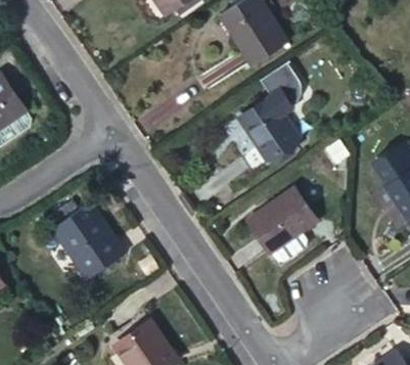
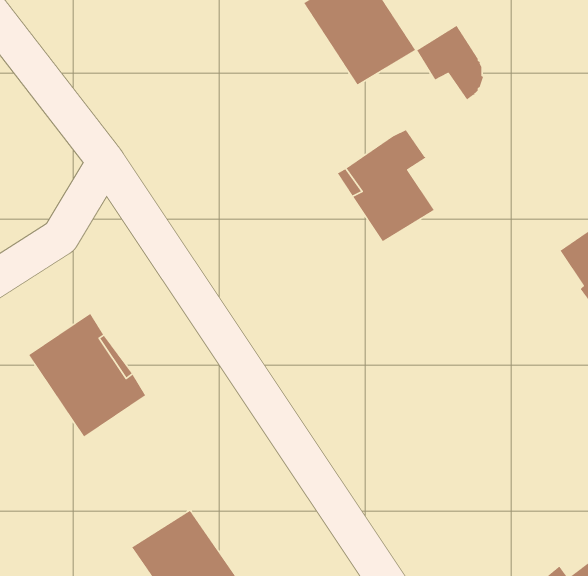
building: [262,61,303,107] -> [416,25,484,101]
building: [246,188,316,262] -> none

